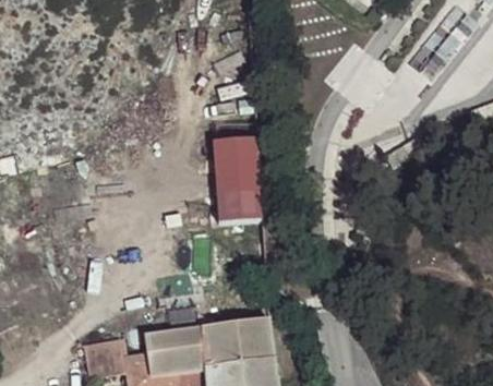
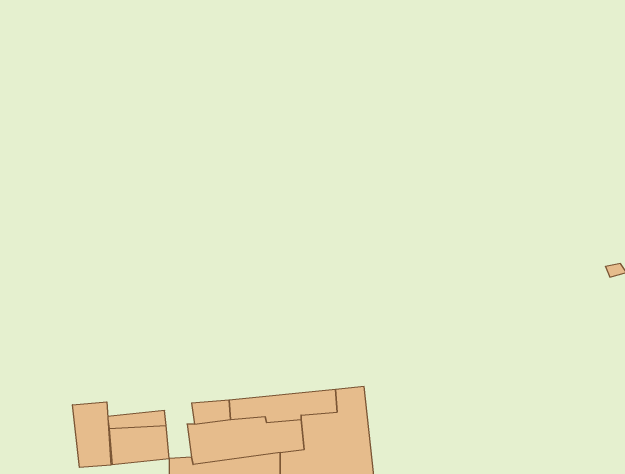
building: [214,135,255,220] -> none
building: none -> [73,402,111,467]

